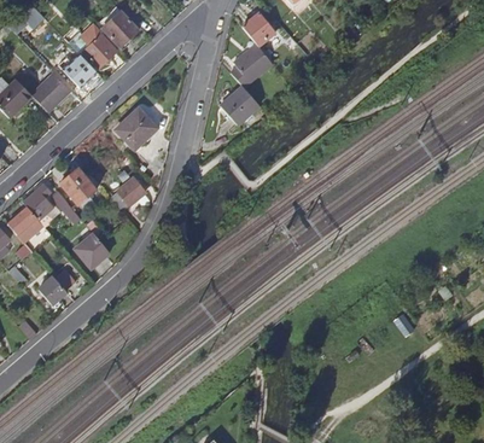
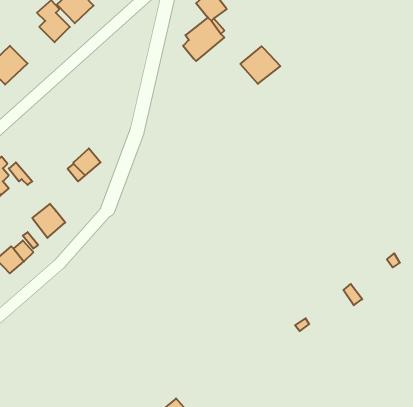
building: [66,54,97,88] -> none
building: [218,84,260,123] -> [240,46,280,84]
building: [115,109,157,150] -> none
building: [59,168,97,205] -> none

